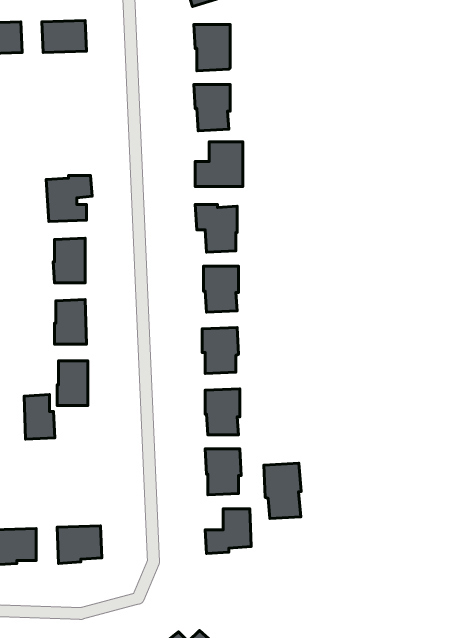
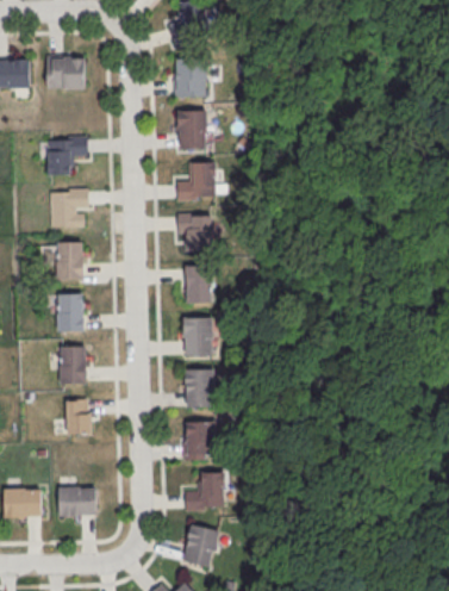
building: none -> [46,138,74,176]
building: [24,395,55,439] -> [66,398,92,436]
building: [264,463,301,518] -> none
building: none -> [182,525,218,568]

